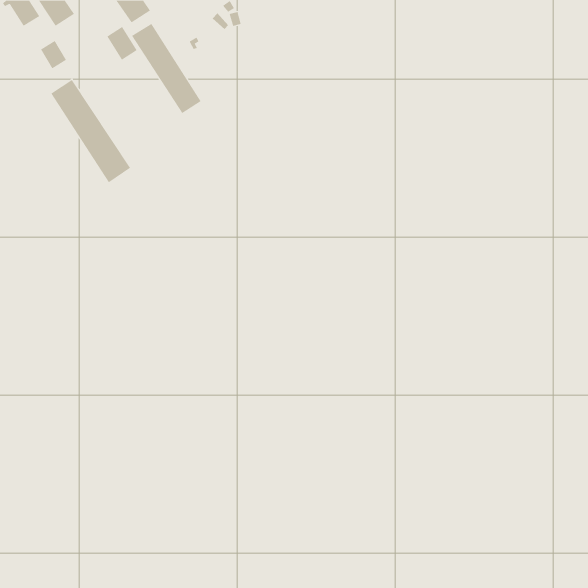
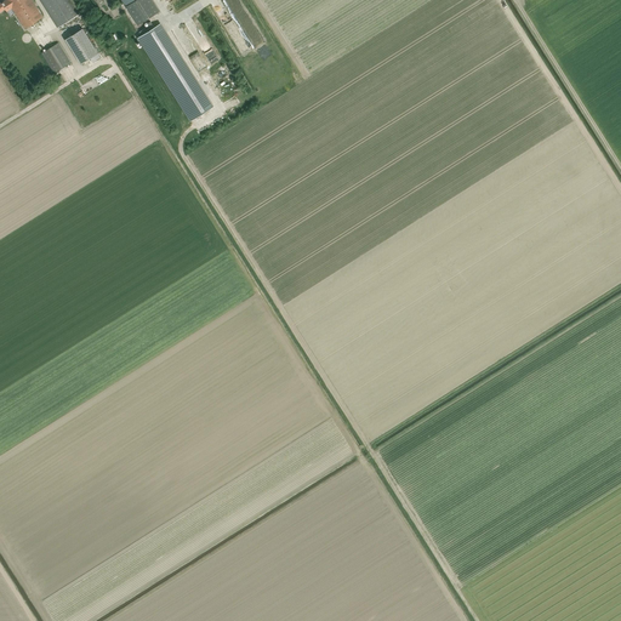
building: [107,26,138,61] -> [65,28,98,64]
building: [50,79,131,183] -> none

